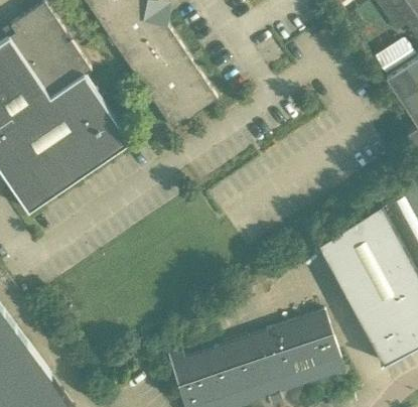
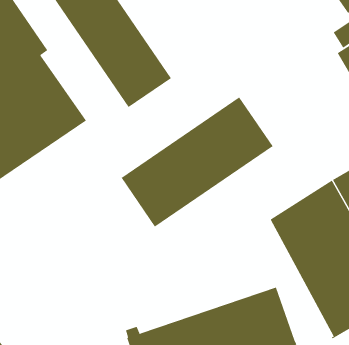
building: none -> [121,97,273,227]

